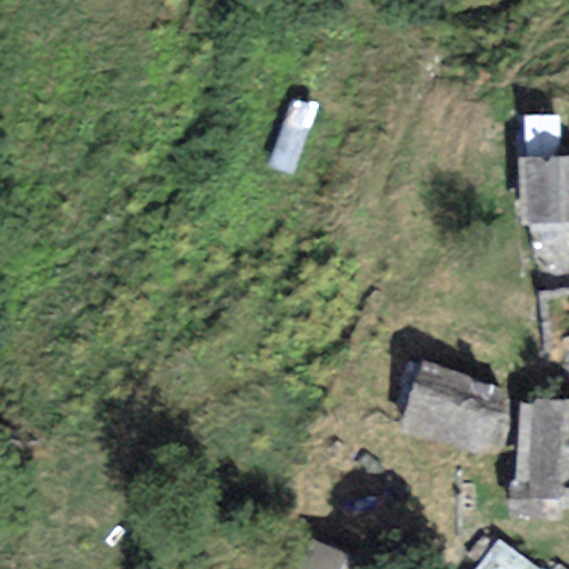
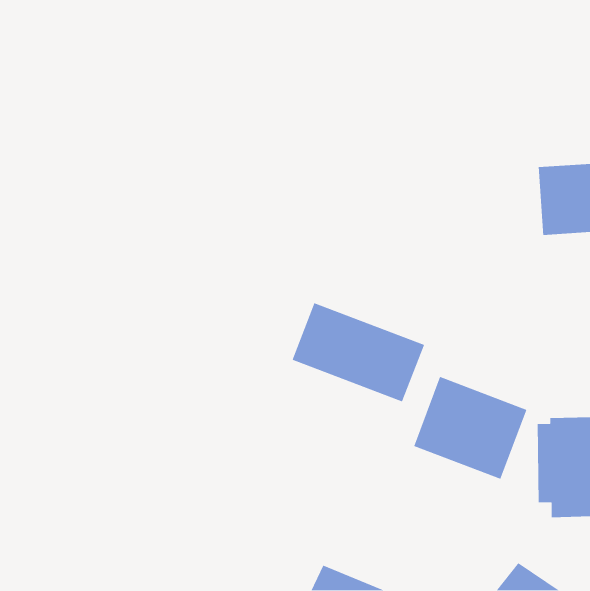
building: none -> [291,302,425,402]

